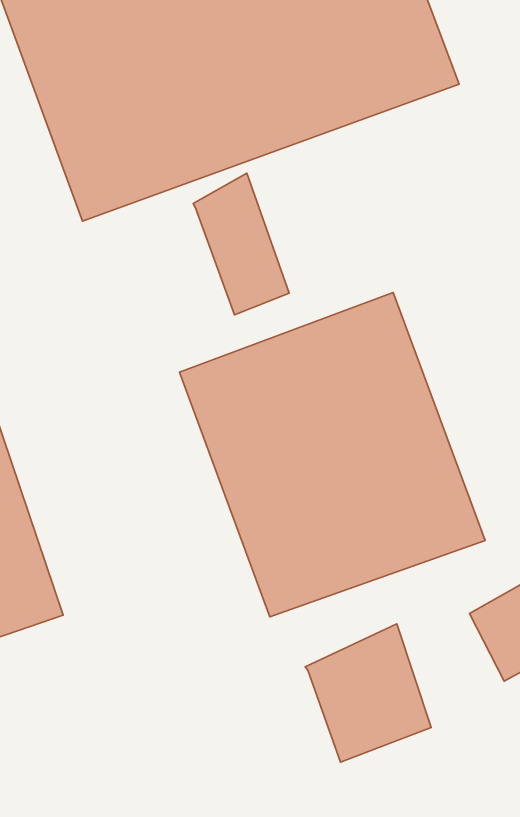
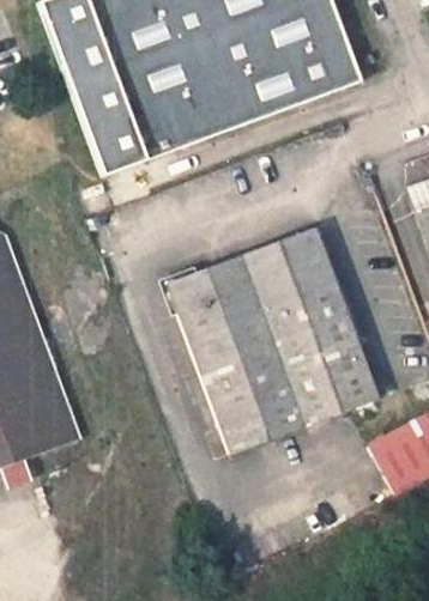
building: [193,173,289,315] -> none
building: [305,624,431,762] -> none

